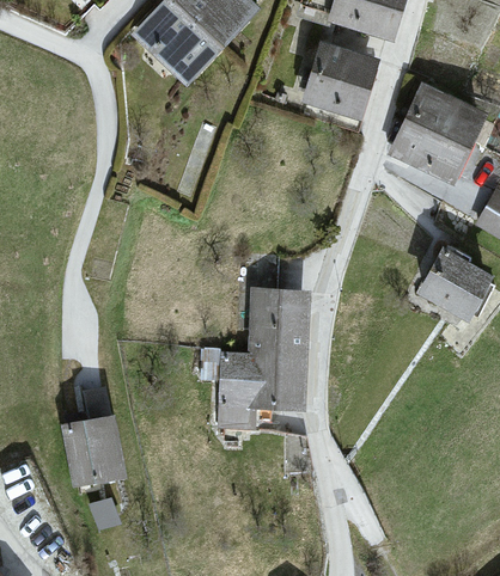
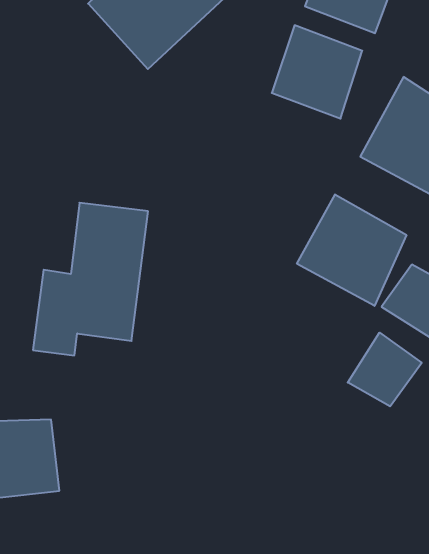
building: none -> [297,194,406,306]
building: [214,290,311,430] -> [33,203,148,355]
building: none -> [348,333,422,406]

